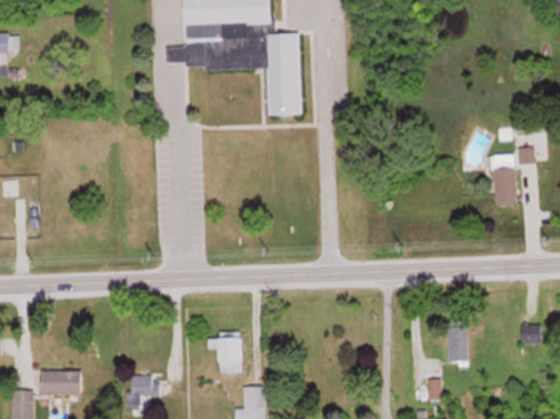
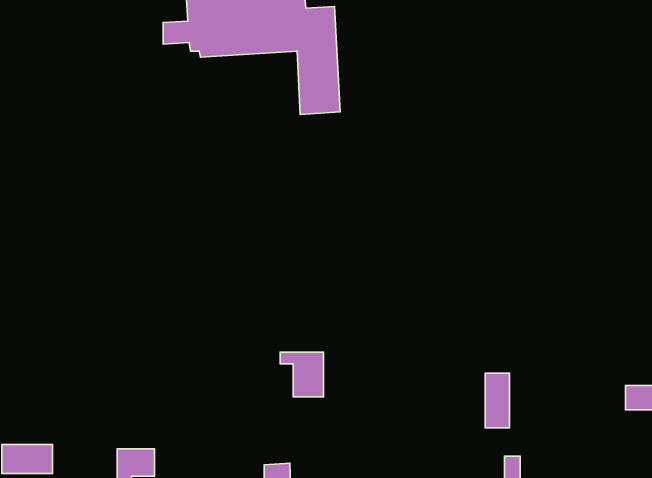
building: [494,149,535,206] -> none
building: [448,320,467,362] -> [485,373,510,428]
building: [209,338,242,372] -> [280,352,323,397]

